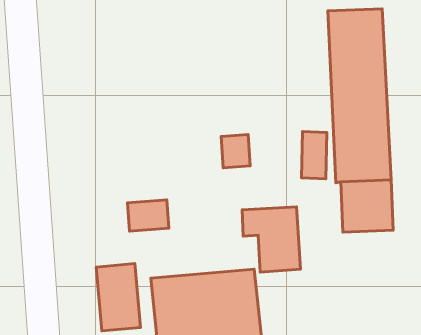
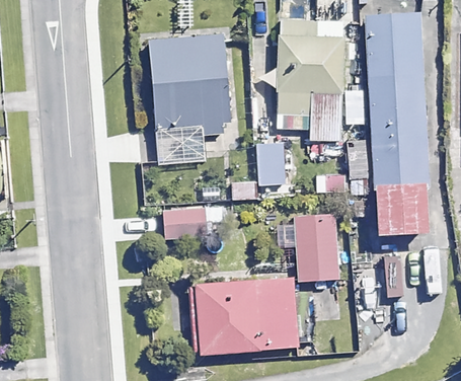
building: none -> [274,19,343,139]
building: none -> [151,34,231,162]
building: [96,264,140,331] -> none

